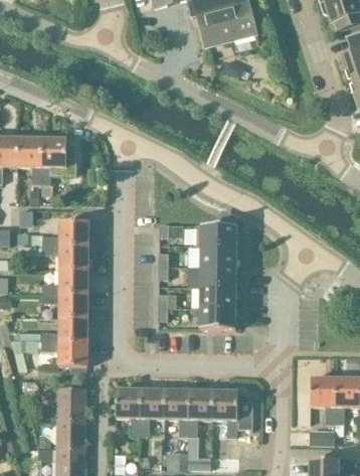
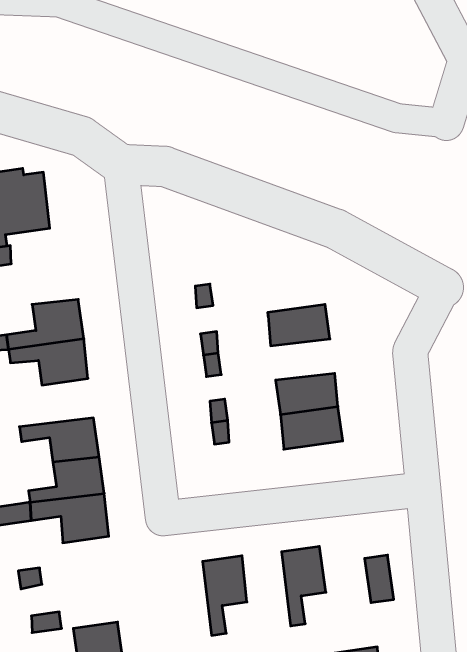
building: [196,224,237,248] -> none
building: [200,266,236,288] -> none
building: [42,270,87,294] -> none
building: [57,387,85,419] -> none
building: [116,388,141,435] -> none
building: [164,389,189,436] -> none
building: [212,390,237,437] -> none

